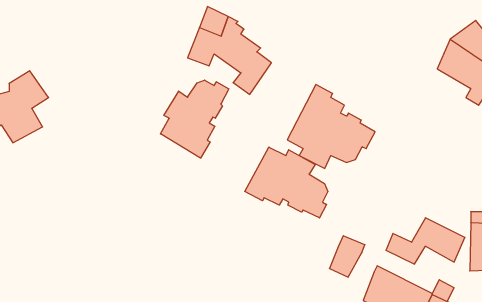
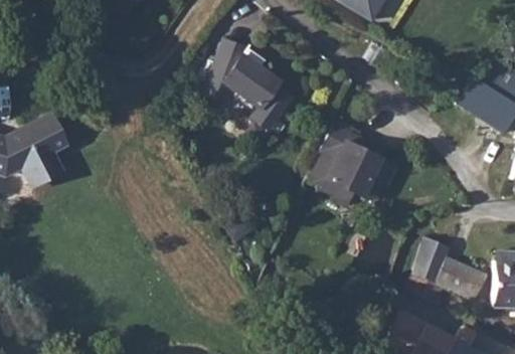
building: [160,80,229,158] -> none
building: [245,147,328,218] -> none
building: [329,236,365,277] -> [414,241,451,284]

